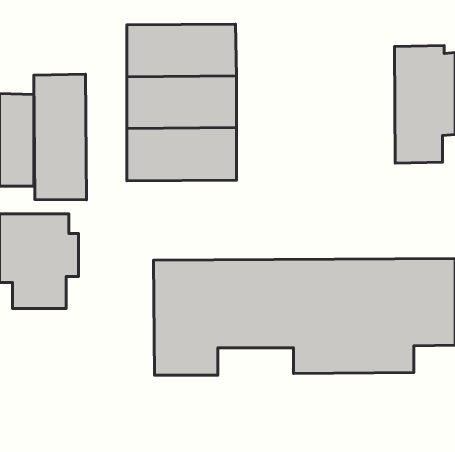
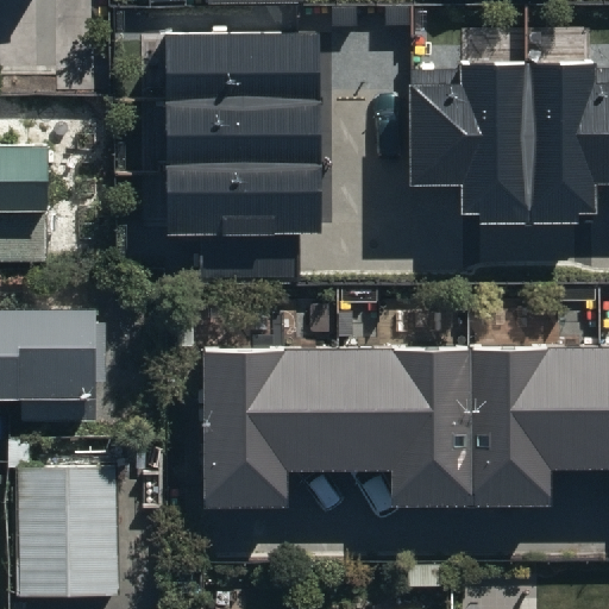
building: none -> [412,67,527,222]
building: [34,74,86,200] -> none
building: none -> [13,458,115,591]

